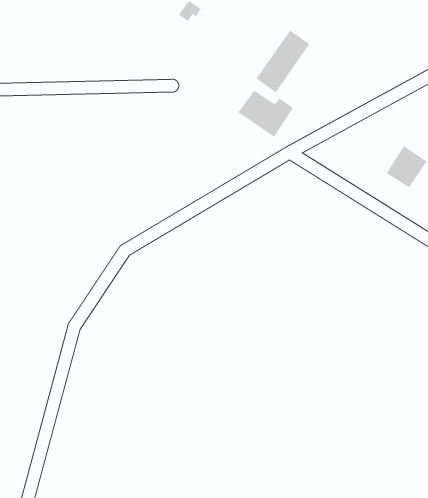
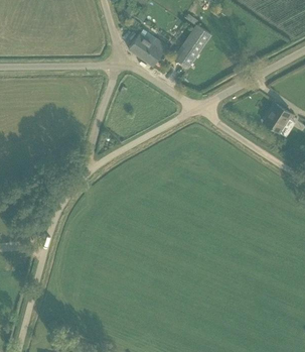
building: [237,90,294,137] -> [128,33,166,66]

